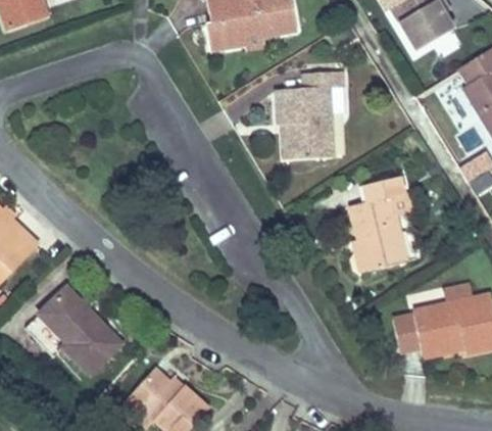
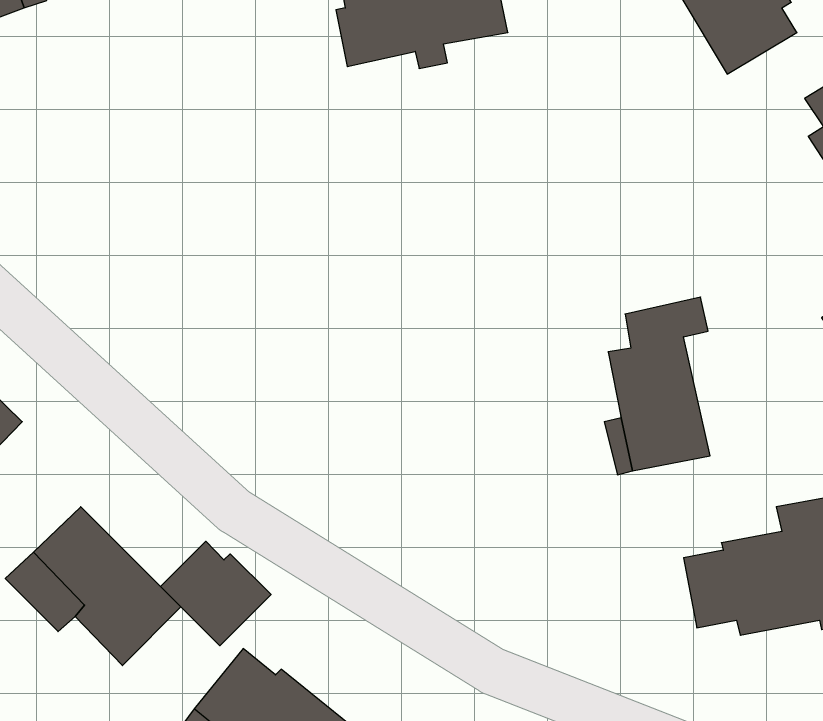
building: [275,71,346,159] -> none
building: none -> [160,541,271,646]

